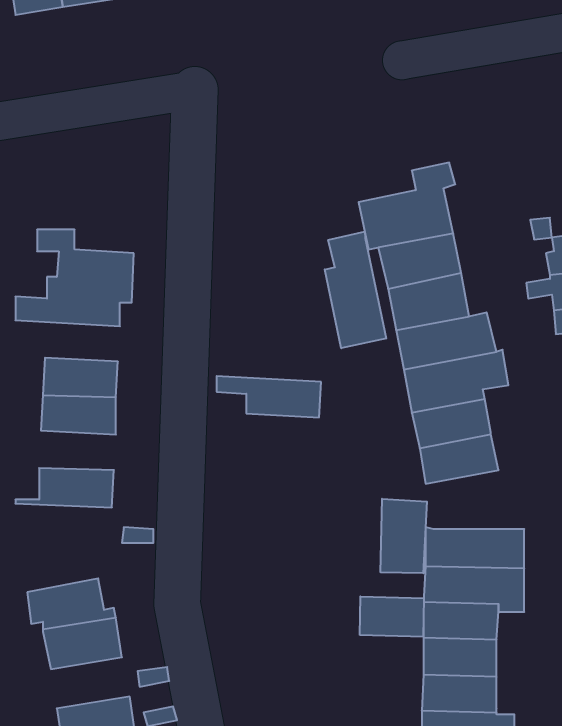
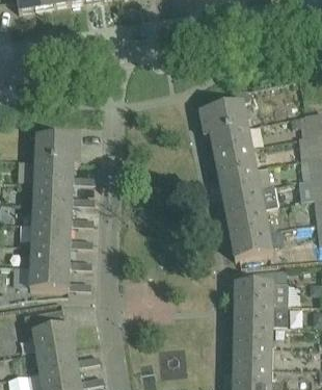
building: [325,231,386,348] -> none
building: [217,376,321,417] -> [18,172,73,193]
building: none -> [30,230,71,251]
building: [381,499,427,573] -> none
building: none -> [17,268,69,289]
building: [360,596,424,637] -> none
building: none -> [36,349,78,376]

